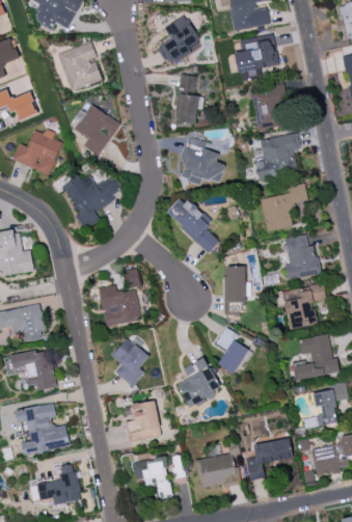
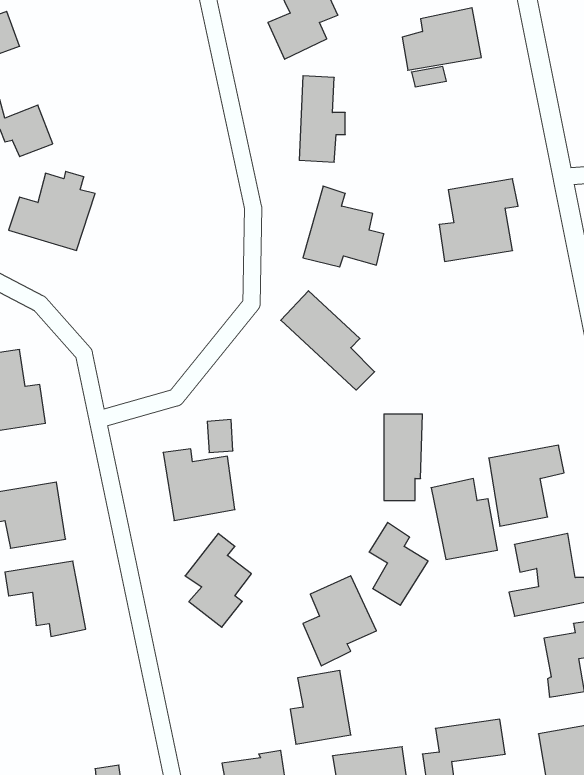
building: [58,42,102,90] -> none
building: [252,84,287,129] -> none
building: [73,105,119,156] -> none
building: [62,174,123,228] -> none
building: [261,184,308,231] -> none
building: [282,233,320,279] -> [431,479,497,559]
building: [127,400,161,441] -> [290,671,351,744]
building: [15,404,69,454] -> none

